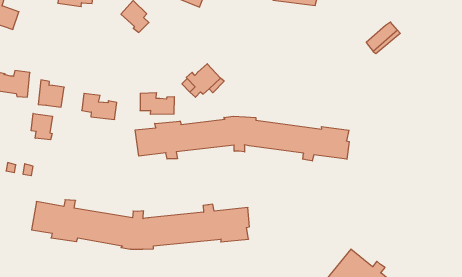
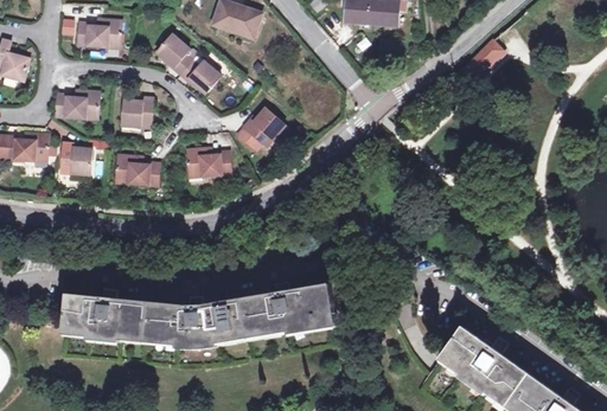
building: none -> [180,60,221,94]
building: none -> [56,89,98,117]
building: none -> [121,96,154,127]
building: [31,113,52,140] -> none
building: [135,116,349,161] -> none

